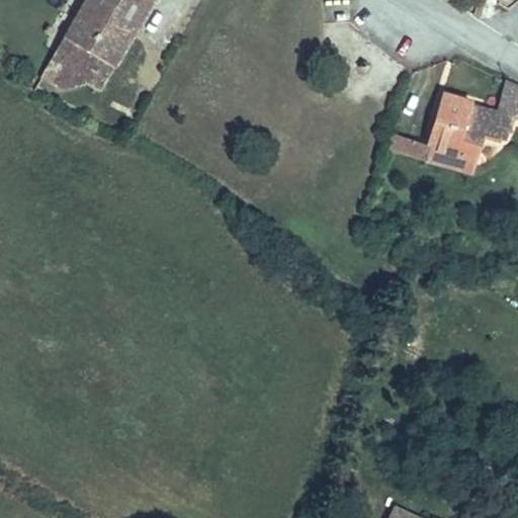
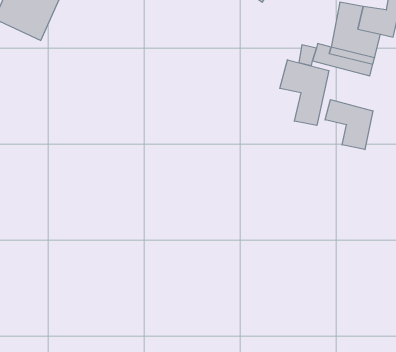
building: none -> [280,60,329,125]
building: none -> [325,100,373,150]

